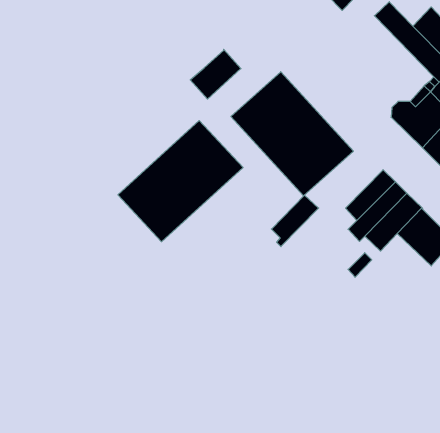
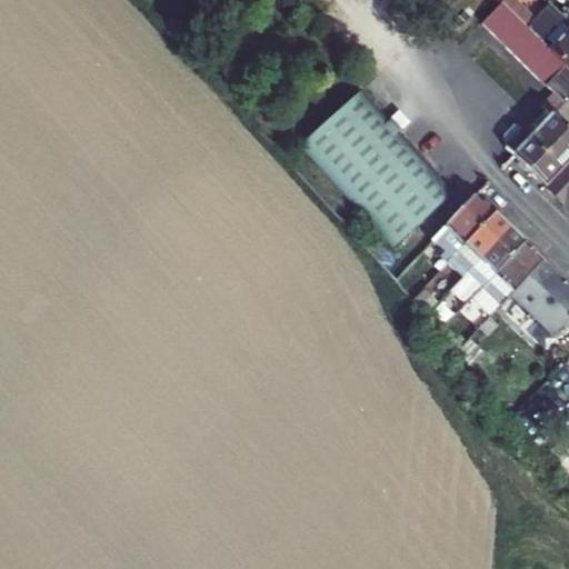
building: [190,49,241,99] -> none
building: [118,121,243,242] -> none
building: [271,195,319,247] -> [436,199,496,264]

